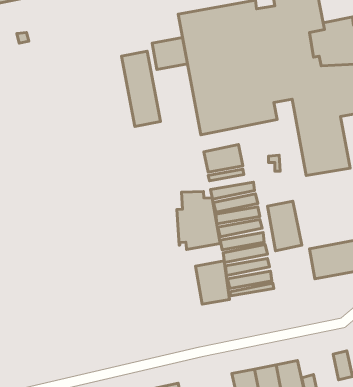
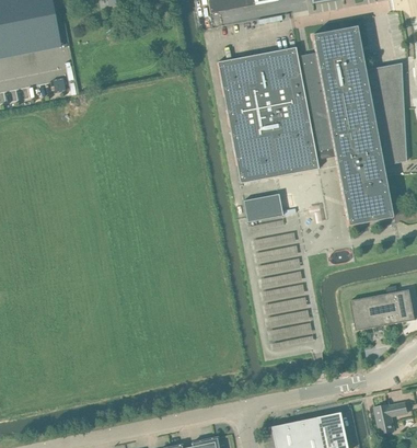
building: [152,37,187,70] -> none
building: [122,51,160,126] -> none
building: [177,192,220,250] -> none
building: [268,201,302,251] -> none
building: [195,261,230,304] -> none

